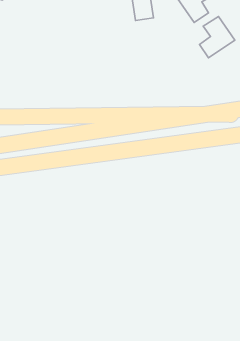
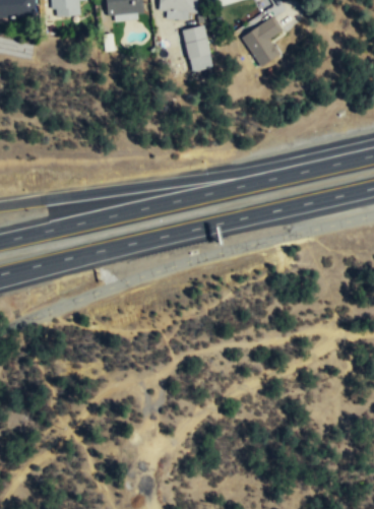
building: [199,17,235,58] -> none

